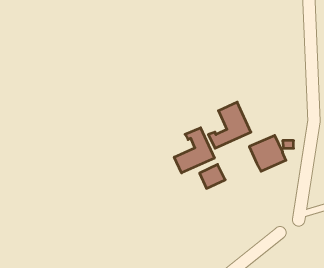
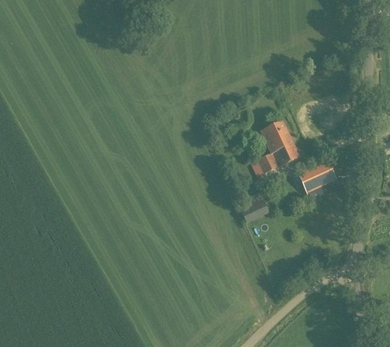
building: [174,128,214,173] -> none

